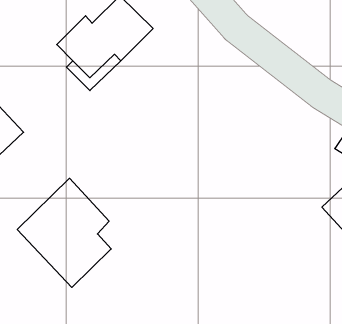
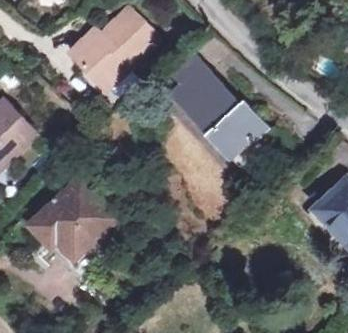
building: none -> [171,49,266,168]

